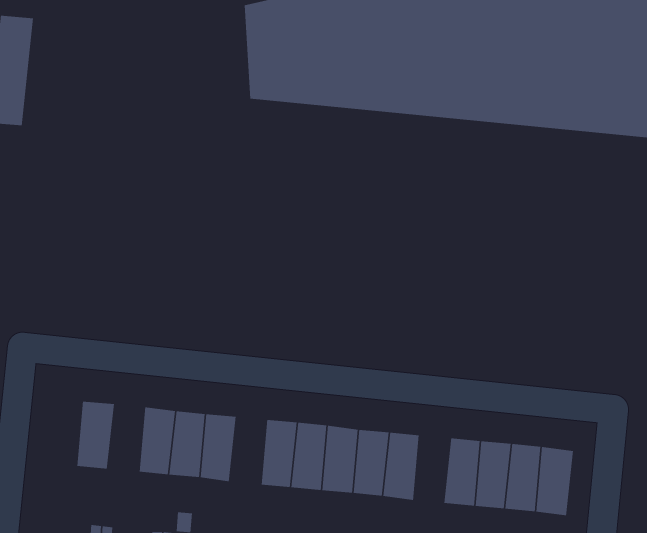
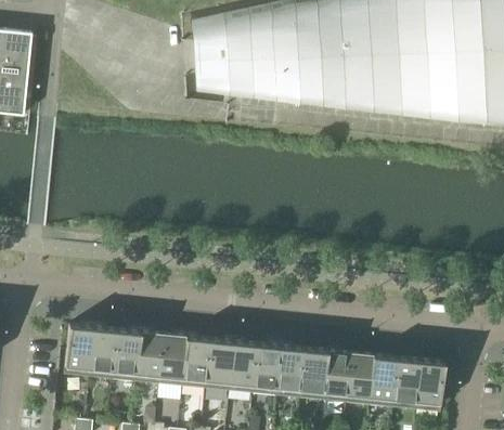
building: none -> [88,326,116,378]
building: none -> [181,336,209,388]
building: none -> [322,350,350,402]

